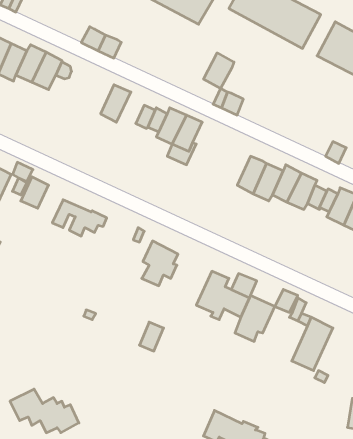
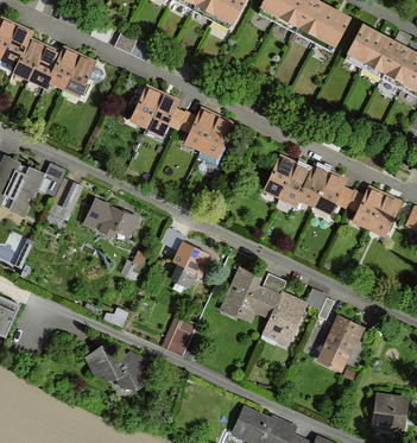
building: [204,53,234,88] -> none
building: none -> [147,94,177,131]
building: [10,389,79,433] -> [86,343,153,386]

